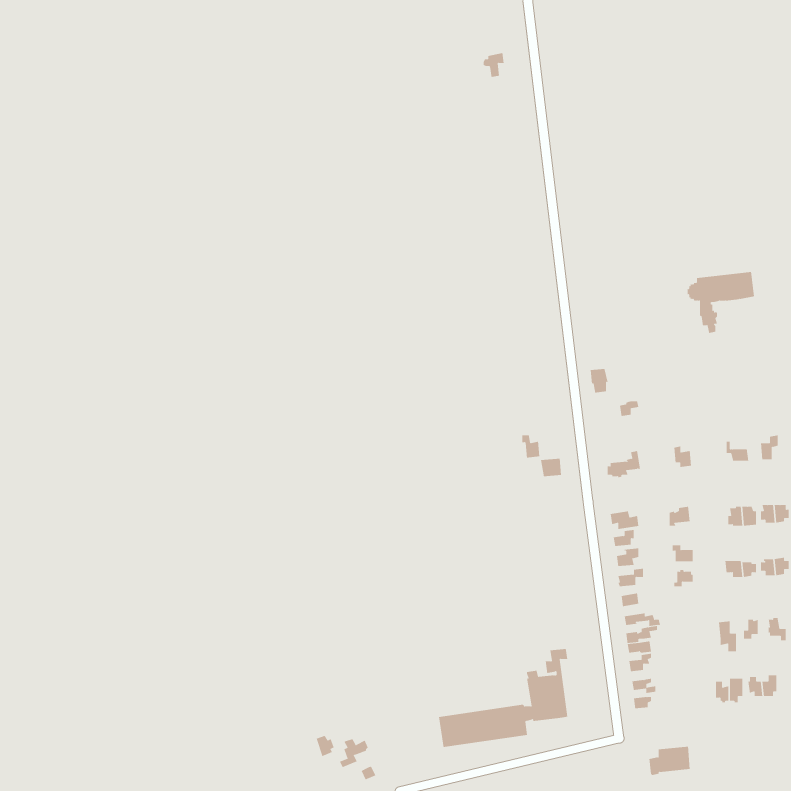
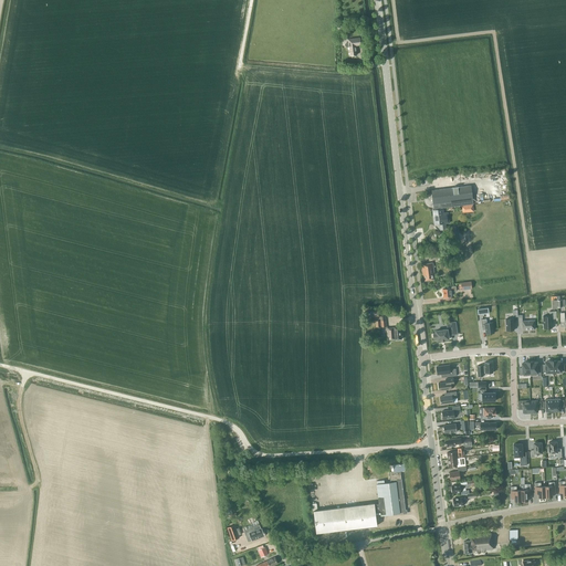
building: [687,272,755,334] -> [424,186,473,230]

